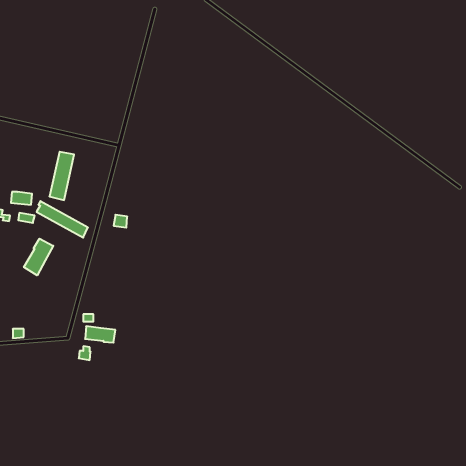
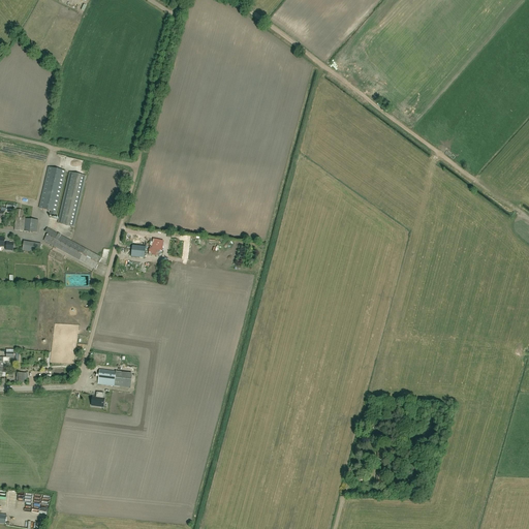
building: none -> [37,166,63,214]
building: [24,239,53,275] -> none

